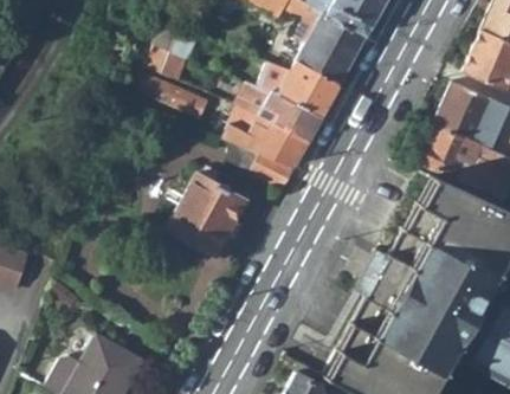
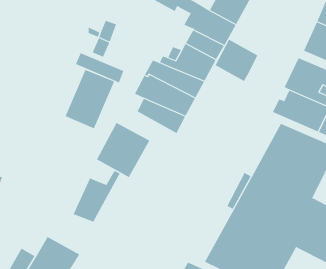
building: none -> [215,39,258,82]
building: none -> [65,69,115,129]
building: none -> [73,170,120,223]

